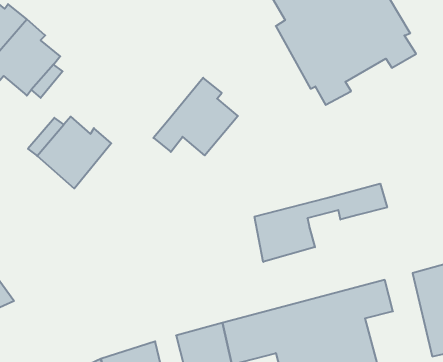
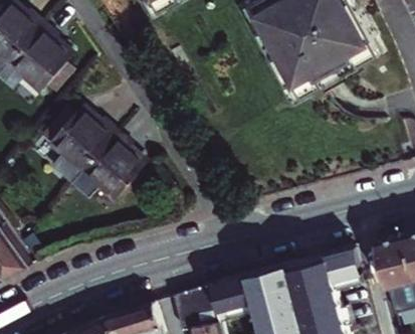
building: [153,78,238,155] -> [70,133,144,200]
building: [255,184,387,262] -> none

